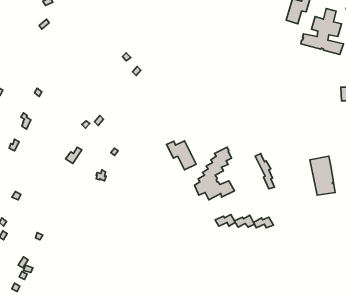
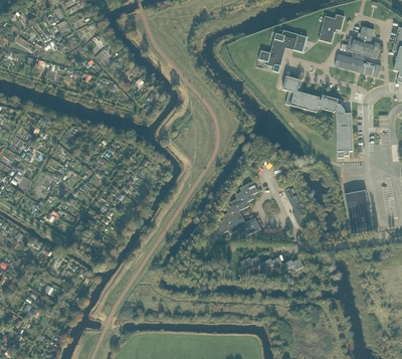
building: none -> [257,29,307,71]
building: none -> [282,74,352,157]
building: [167,141,196,170] -> none

